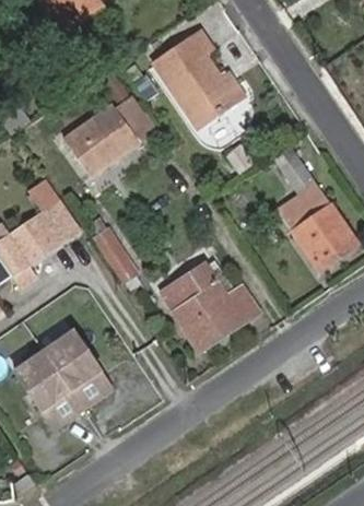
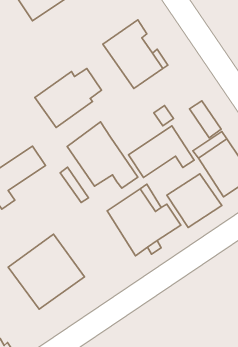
building: none -> [67,122,138,188]
building: none -> [128,126,194,177]
building: none -> [167,174,222,228]

